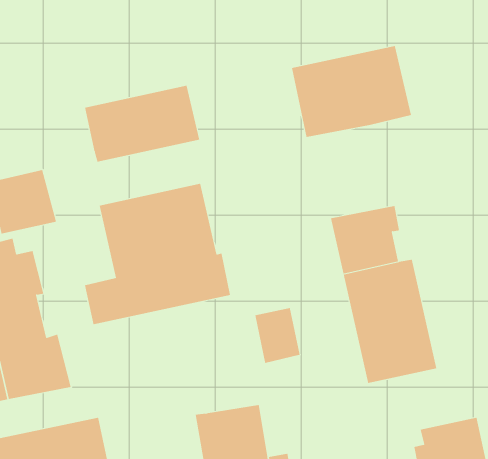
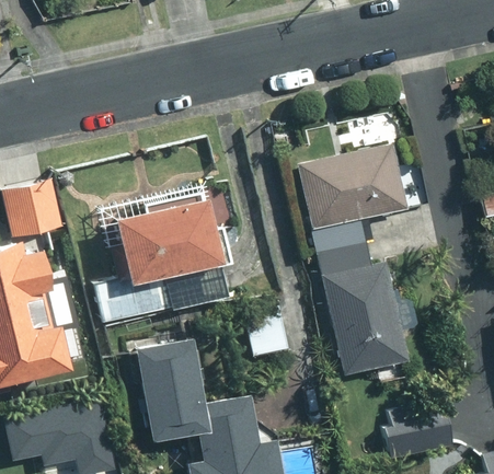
building: [291,46,412,138] -> [298,147,404,228]
building: [84,85,200,162] -> none
building: none -> [136,334,202,433]

